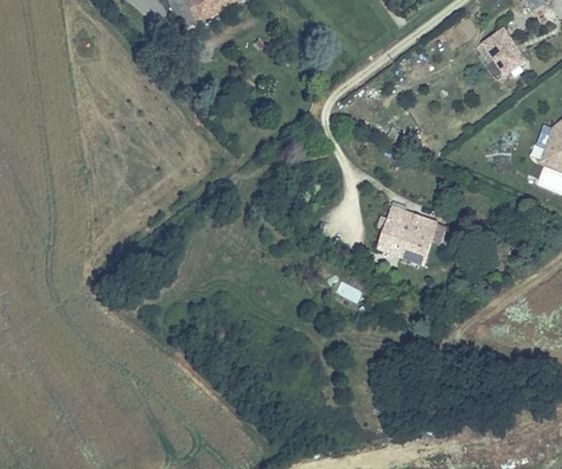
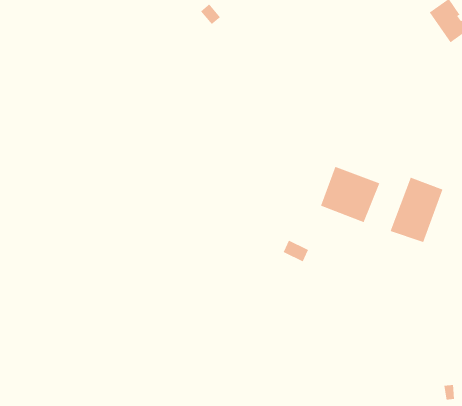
building: none -> [390,177,443,243]

